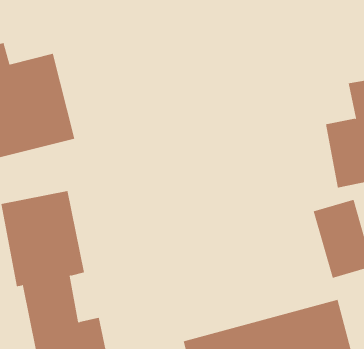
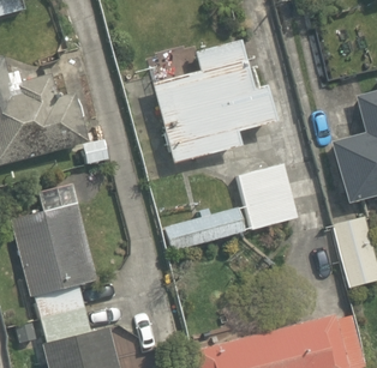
building: none -> [154,38,269,167]
building: none -> [158,158,295,249]

